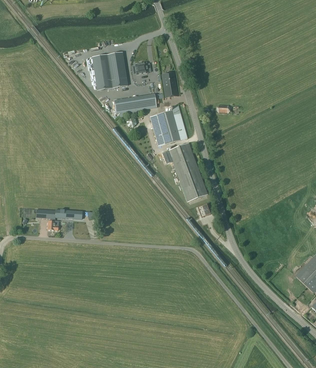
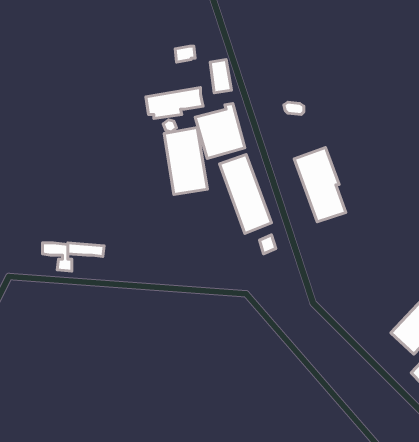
building: [91,52,126,90] -> none
building: none -> [164,128,208,194]
building: none -> [294,148,346,222]

